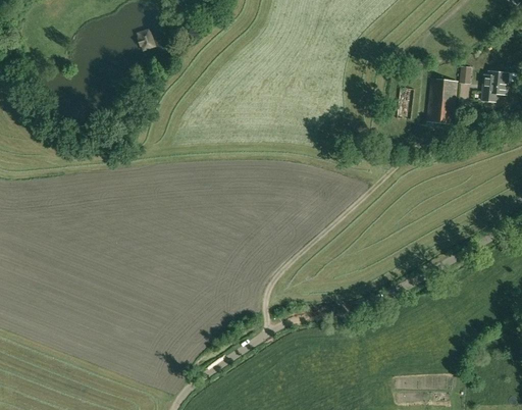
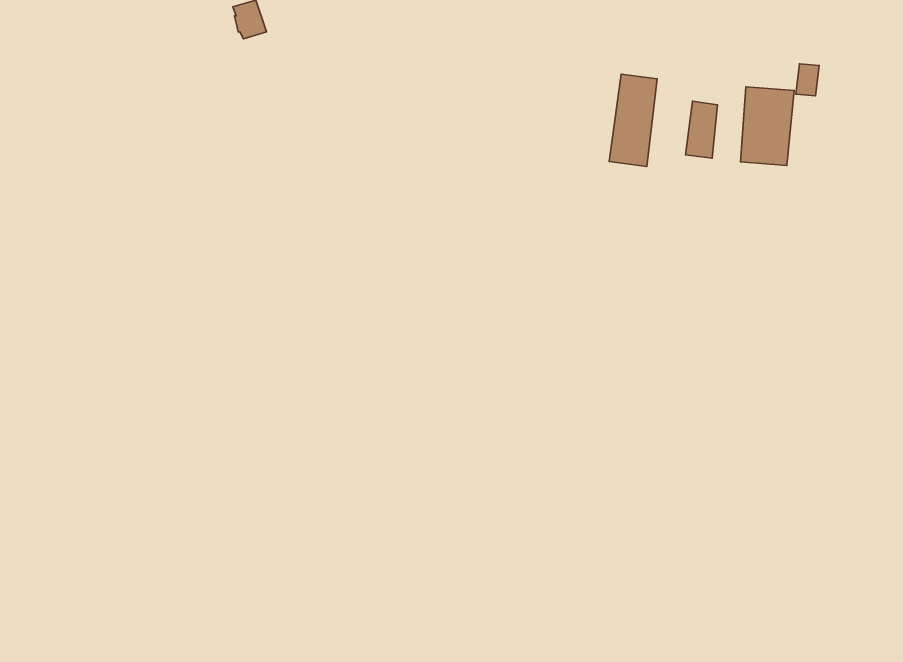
building: [482,70,507,101] -> none
building: none -> [609,74,657,166]

